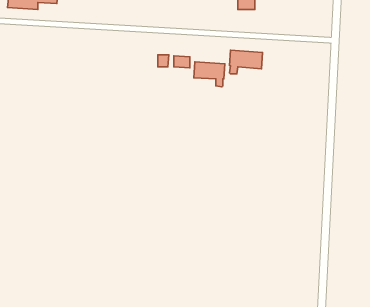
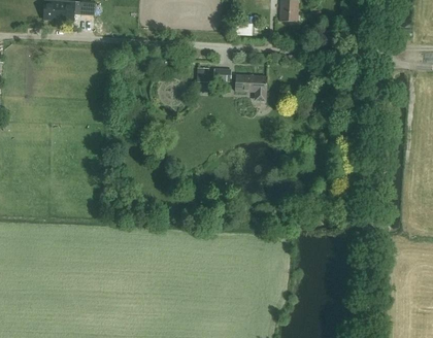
building: [229,50,263,74] -> none

